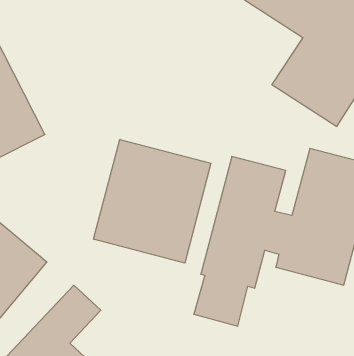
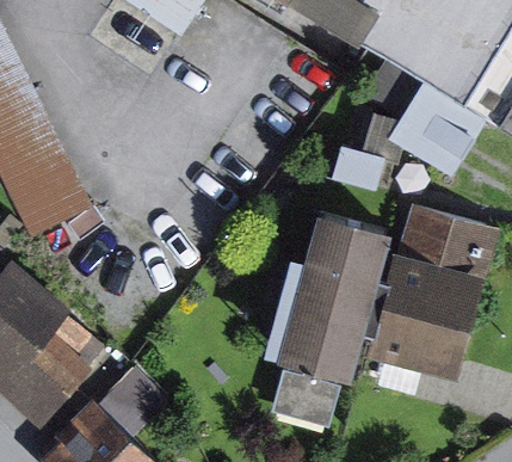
building: [94,139,211,263] -> none

